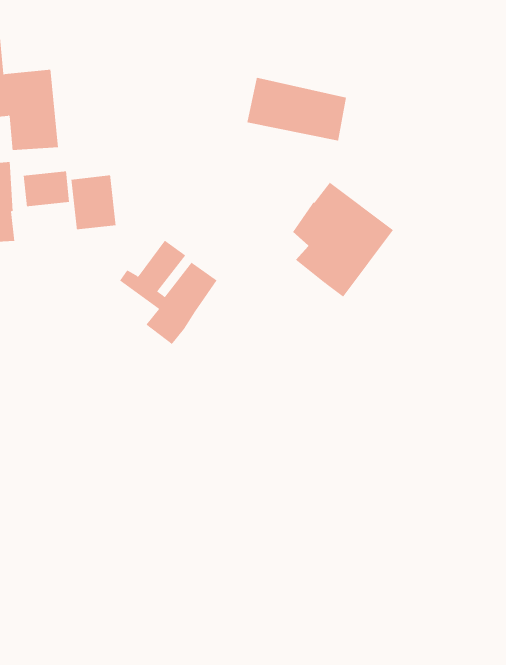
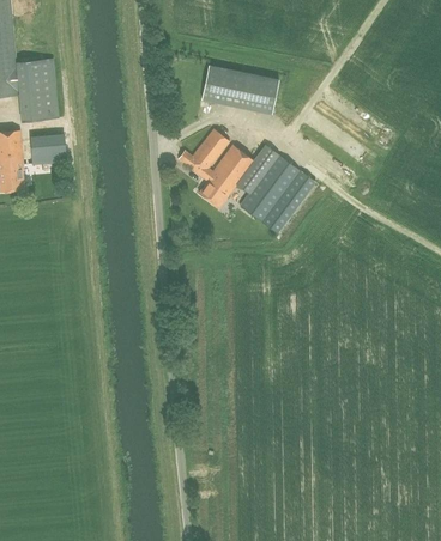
building: [71,175,116,230] -> none
building: [119,240,218,345] -> [177,127,253,207]

